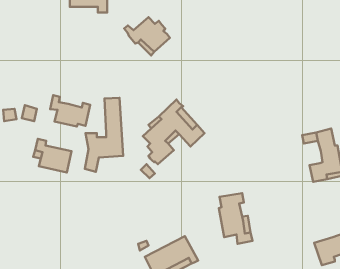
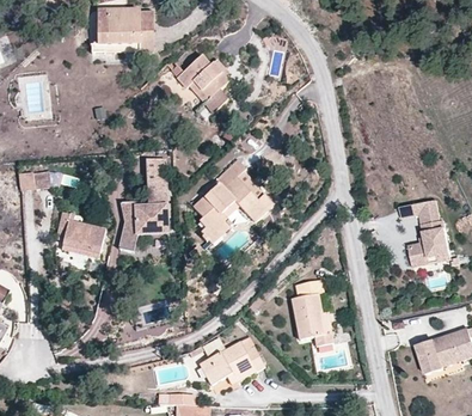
building: [50,95,90,127] -> none

